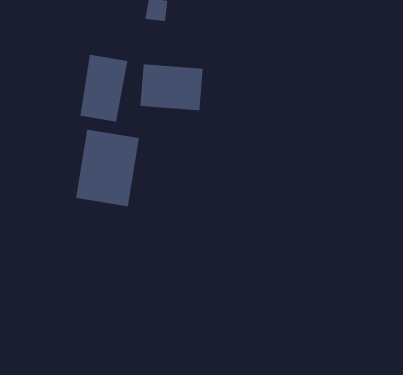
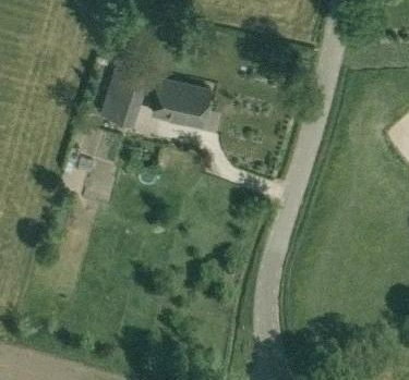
building: [75,129,140,207] -> none

